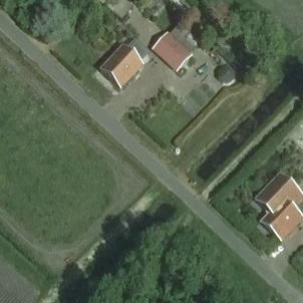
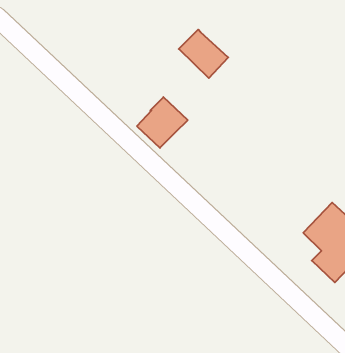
building: [100,44,142,86] -> [137,97,188,148]

